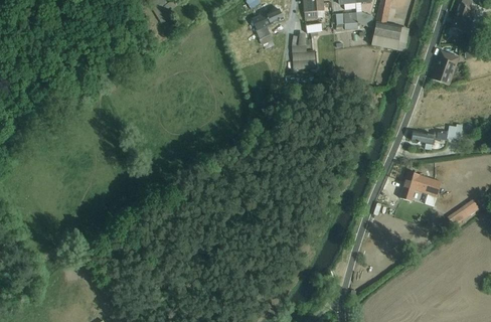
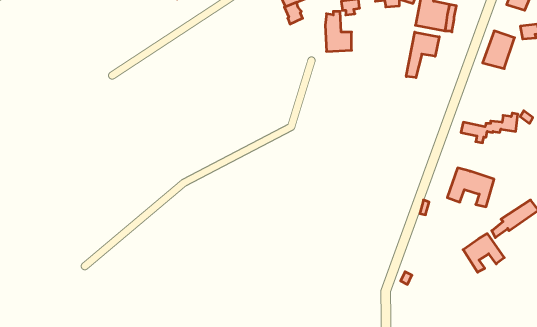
building: none -> [406,32,439,78]
building: none -> [463,234,504,272]

